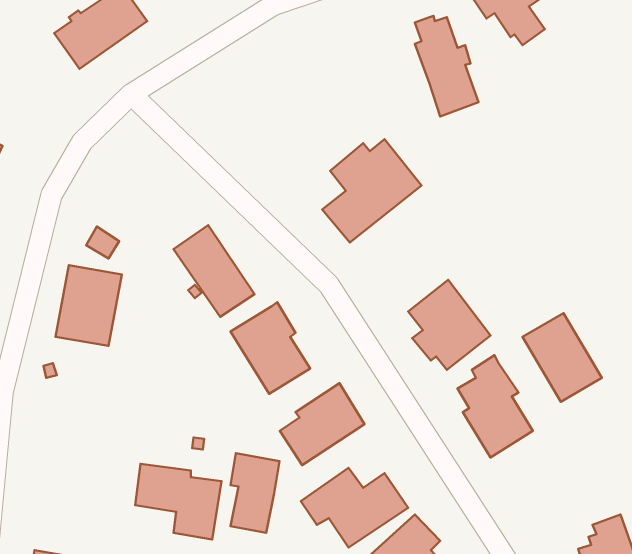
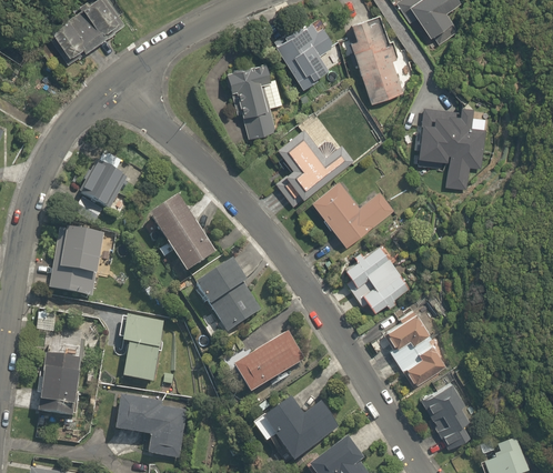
building: none -> [273,22,330,89]
building: none -> [224,61,281,138]
building: none -> [416,105,485,189]
building: none -> [79,150,127,208]
building: none -> [313,182,396,249]
building: [522,313,602,402] -> [419,379,485,453]
building: none -> [37,352,80,415]
building: [230,453,280,533] -> [121,314,162,381]

